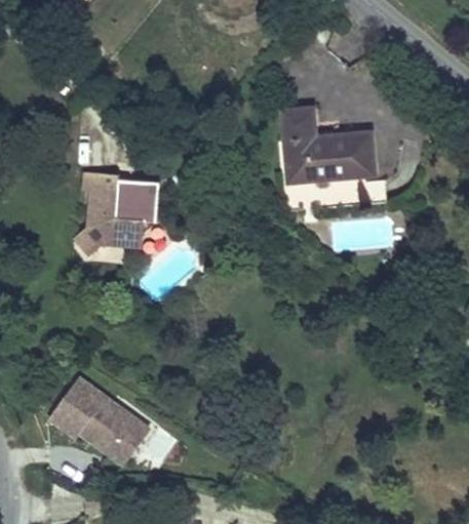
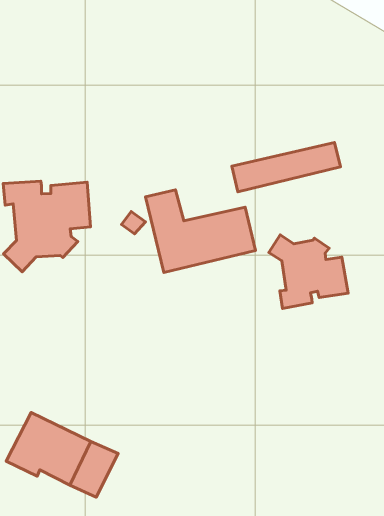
building: [283,109,374,180] -> [145,190,255,272]
building: none -> [269,235,348,308]

